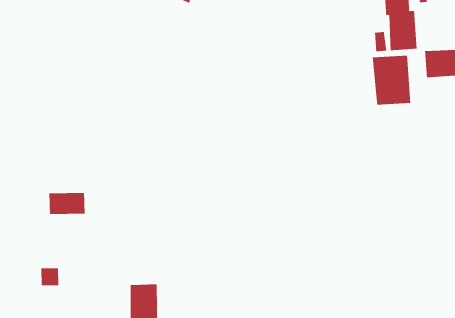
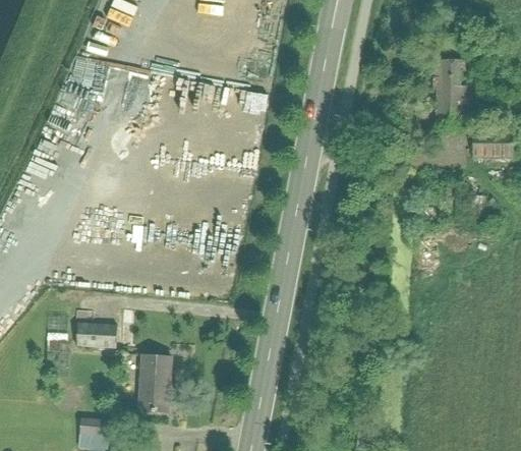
building: [372,55,411,105] -> none
building: [48,192,85,215] -> [76,322,116,347]

